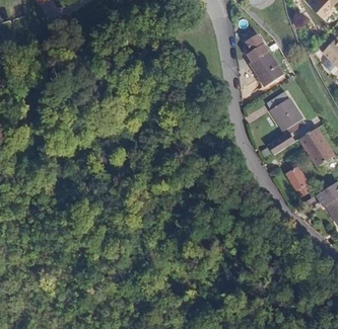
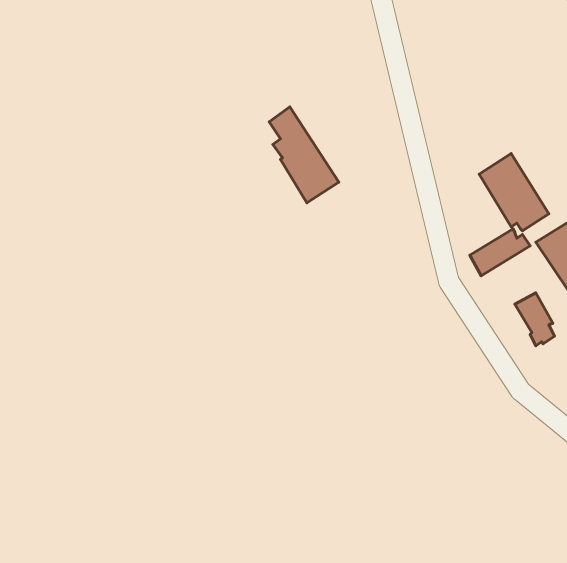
building: [244,33,281,85] -> [269,107,339,203]

